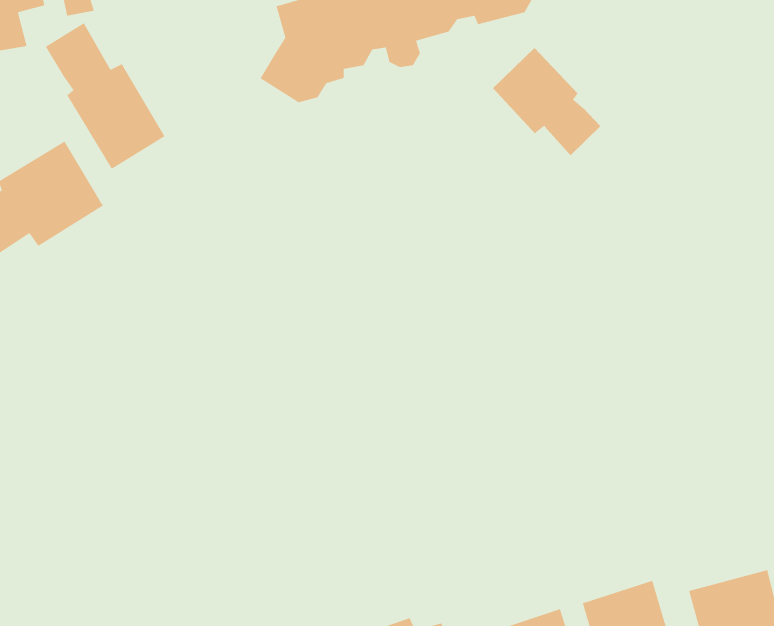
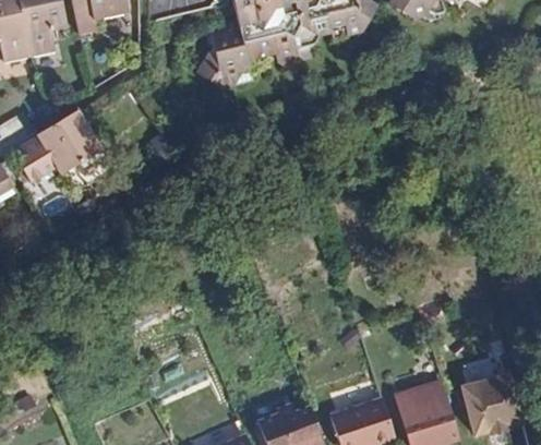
building: [45,22,166,170] -> none
building: [492,47,601,156] -> none

